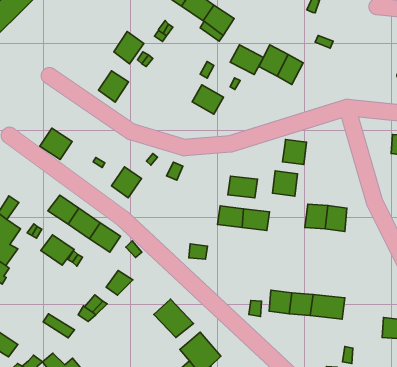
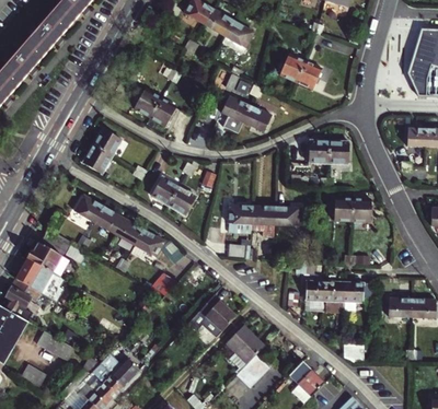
building: [114,32,144,64] -> [149,97,176,127]
building: [230,45,264,74] -> [241,105,272,131]
building: none -> [92,128,122,156]
building: [272,171,298,196] -> [327,141,349,163]
building: [228,176,257,198] -> [227,204,253,223]
building: none -> [168,186,196,214]
building: [41,235,74,265] -> [73,195,104,222]
building: none -> [388,296,412,316]

